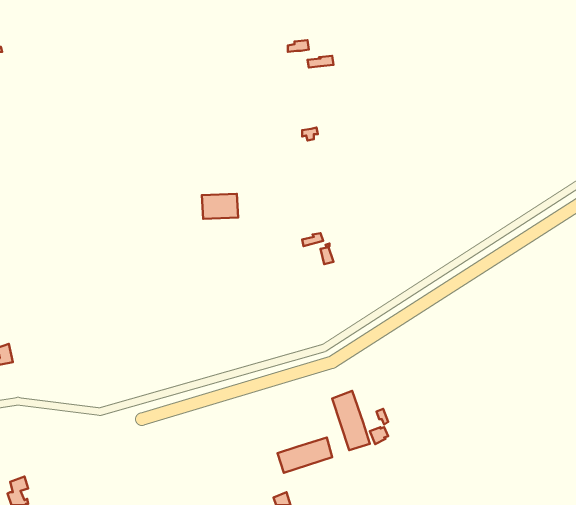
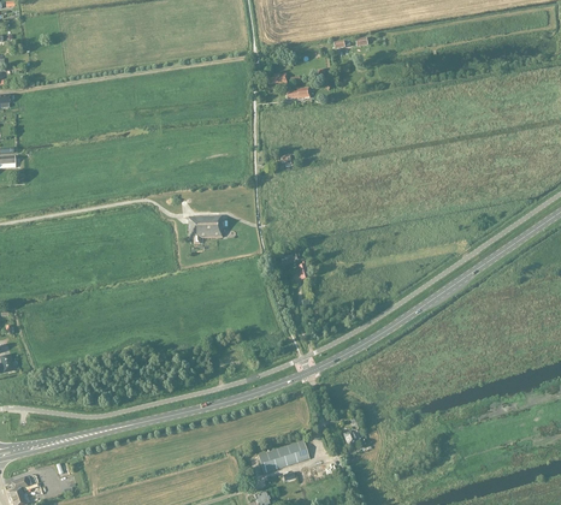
building: [332,391,370,450] -> none

